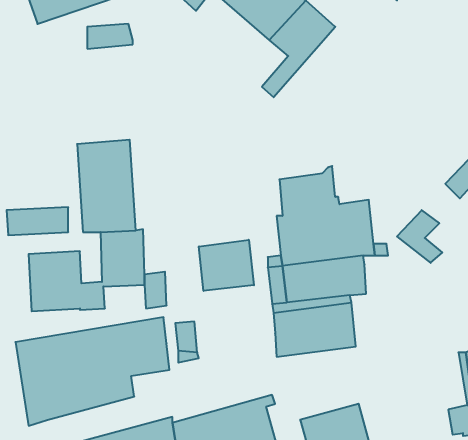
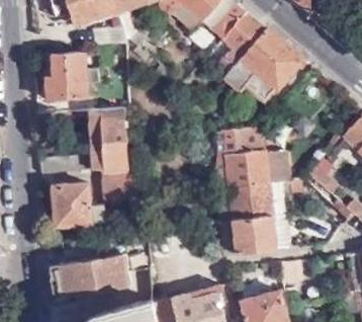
building: none -> [222,31,303,107]
building: none -> [43,55,98,100]
building: [199,240,254,291] -> none

